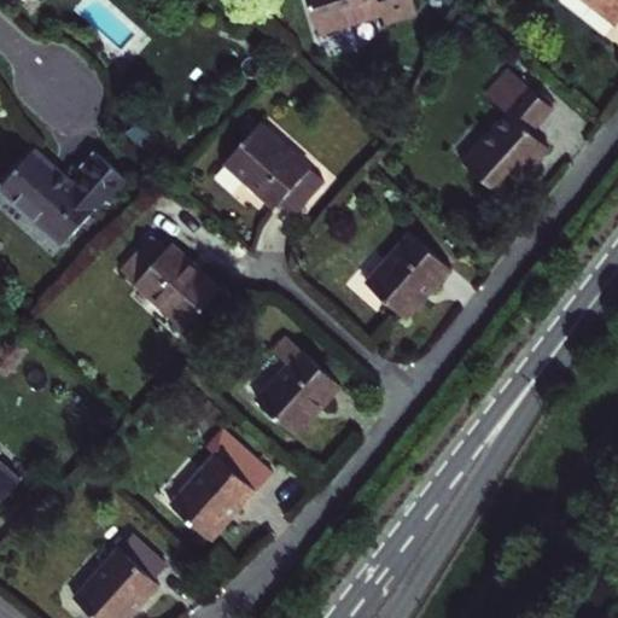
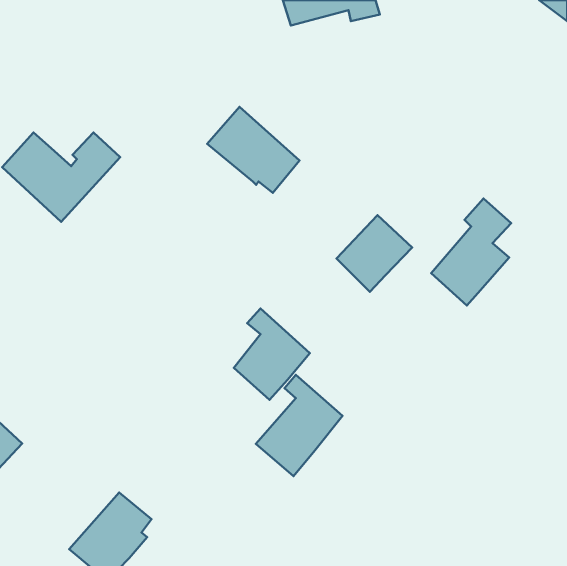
building: [464,80,550,196] -> [431,199,511,306]
building: [122,235,221,327] -> none
building: [169,431,263,541] -> [256,375,343,476]

